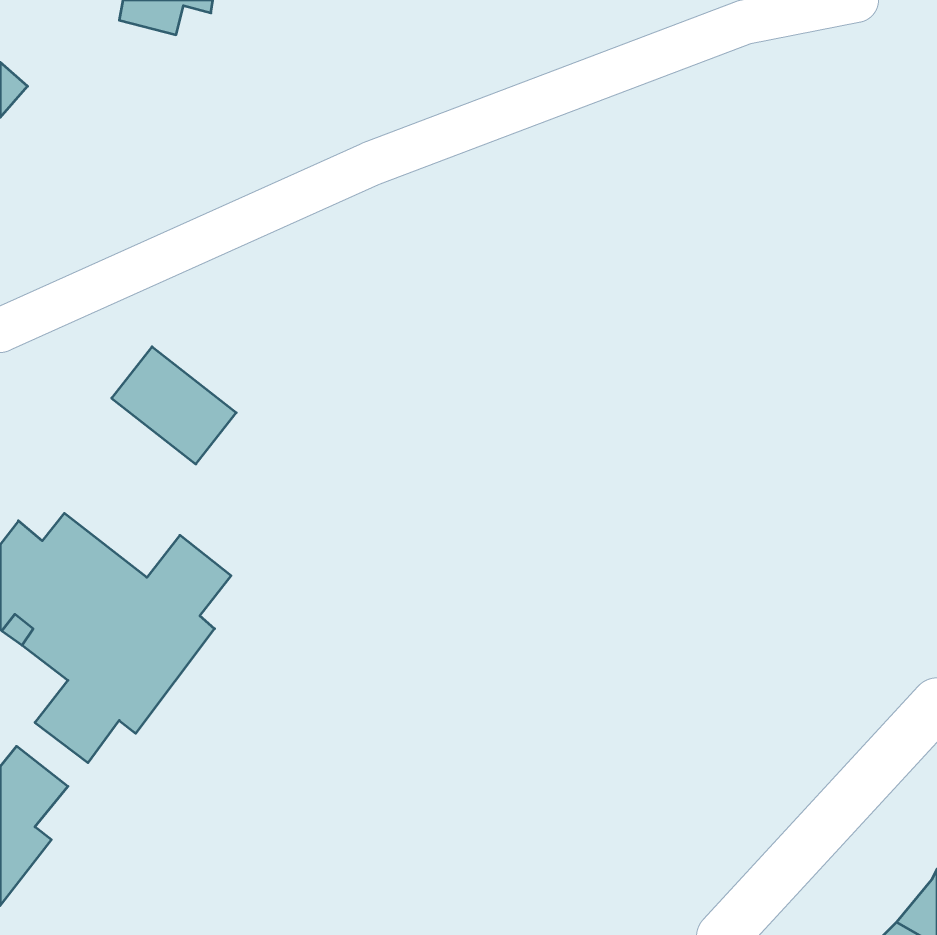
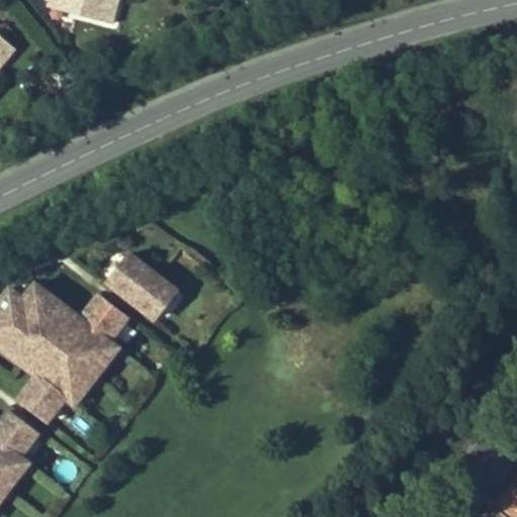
building: [112,347,236,464] -> [107,254,176,319]

